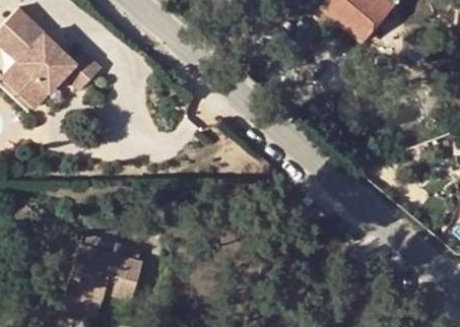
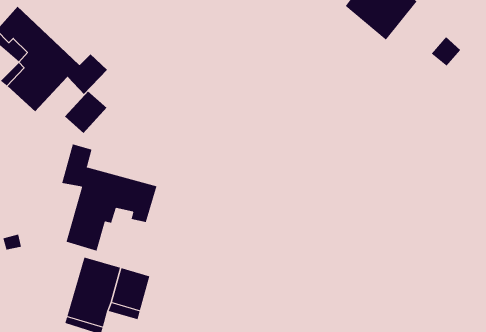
building: none -> [64,90,107,134]
building: none -> [62,144,157,251]

